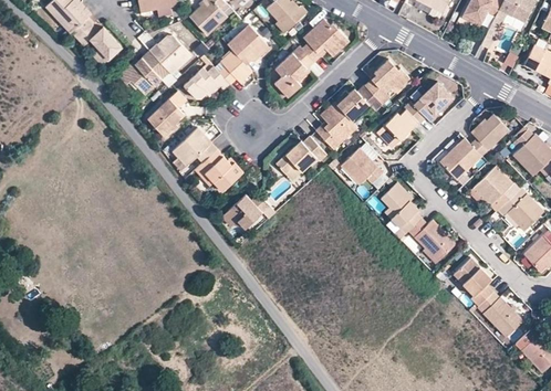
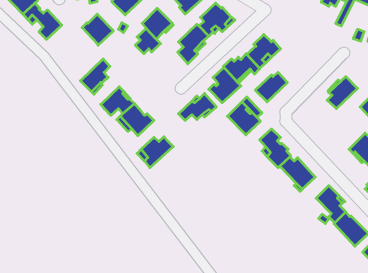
building: [118,50,169,94] -> none
building: [184,66,230,98] -> none
building: [402,77,454,123] -> none
building: [440,138,482,180] -> none
building: [474,165,513,210] -> none

